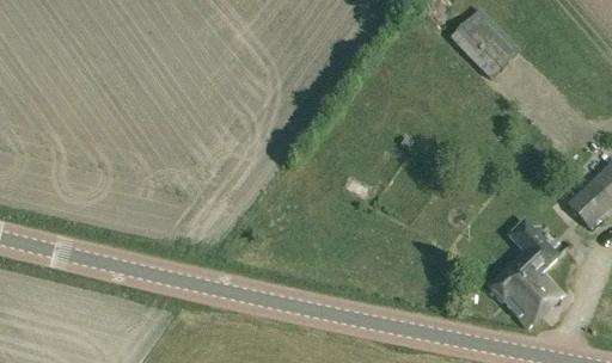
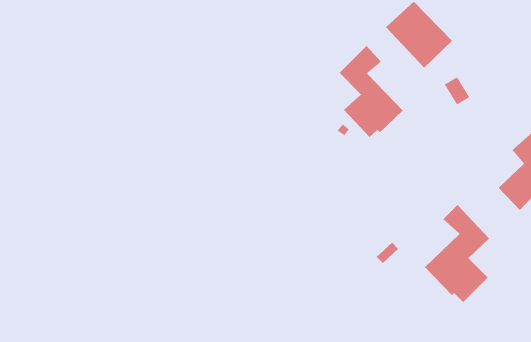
building: none -> [339,45,403,138]

